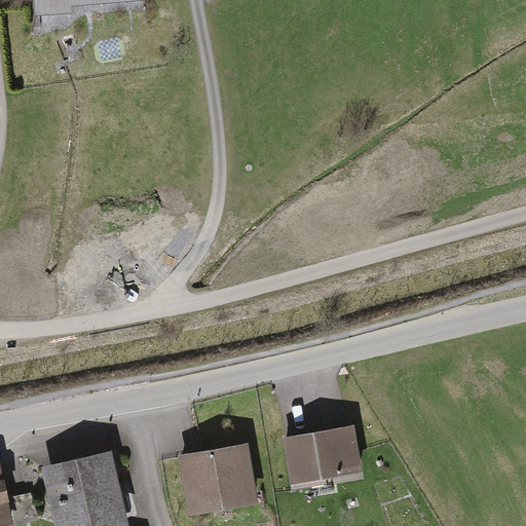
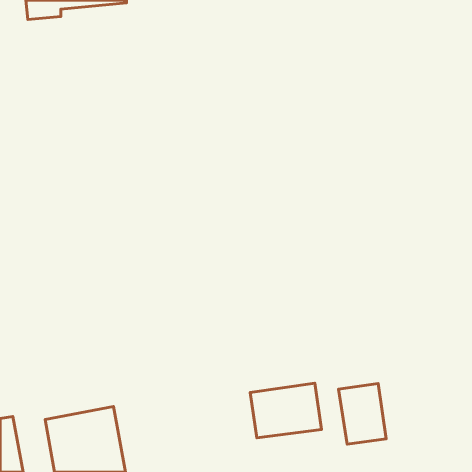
building: none -> [339,383,386,444]
building: [174,446,252,515] -> none

